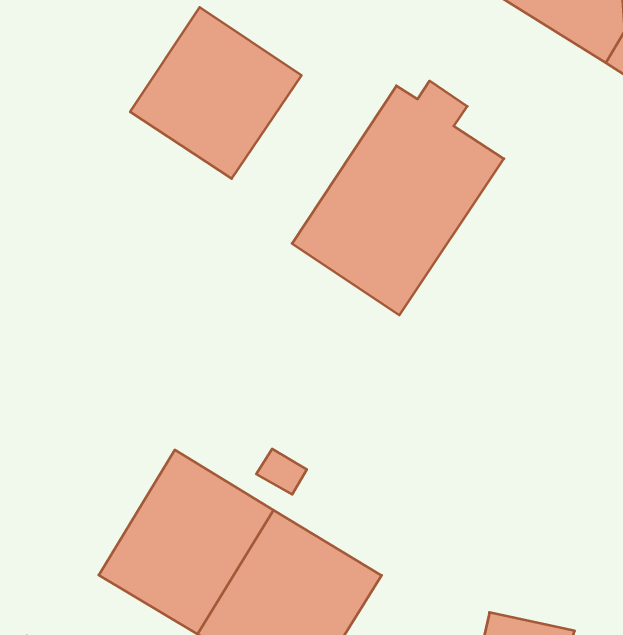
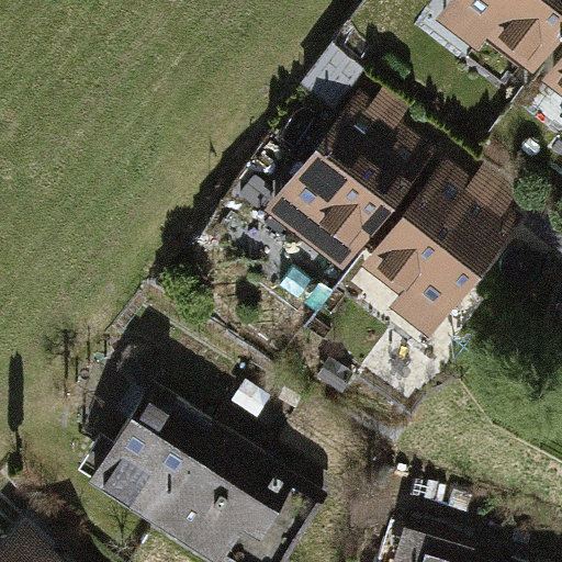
building: [130,7,301,179] -> none
building: none -> [346,158,519,344]

